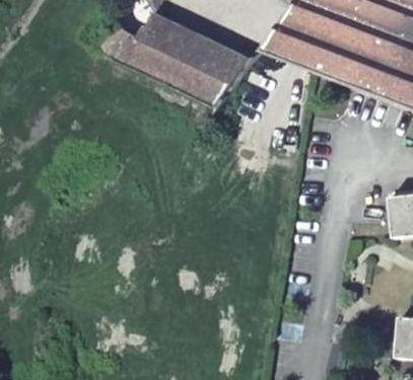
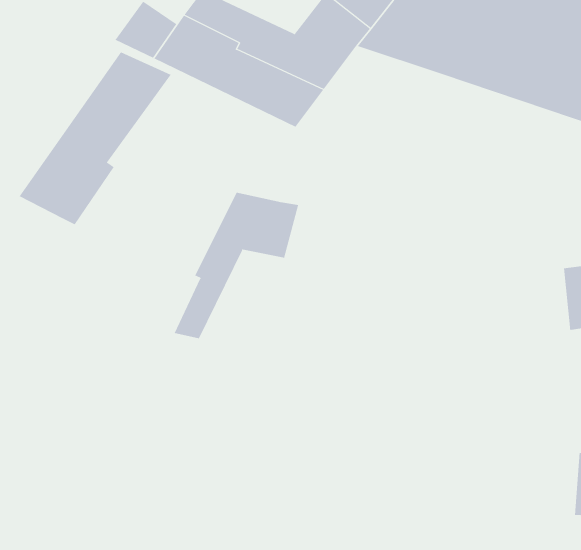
building: none -> [19,51,171,225]
building: none -> [174,192,299,339]

